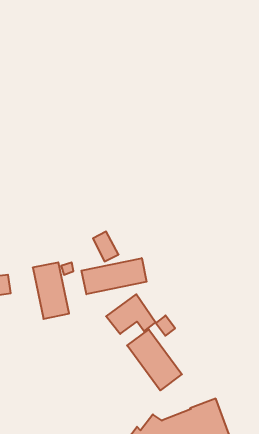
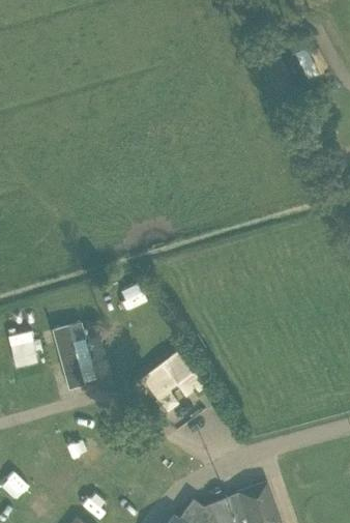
building: [81,258,147,294] -> none
building: [127,329,182,390] -> none

